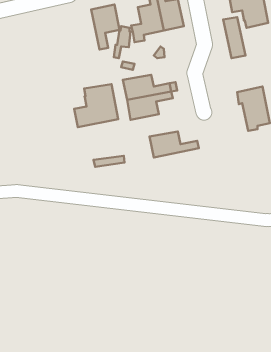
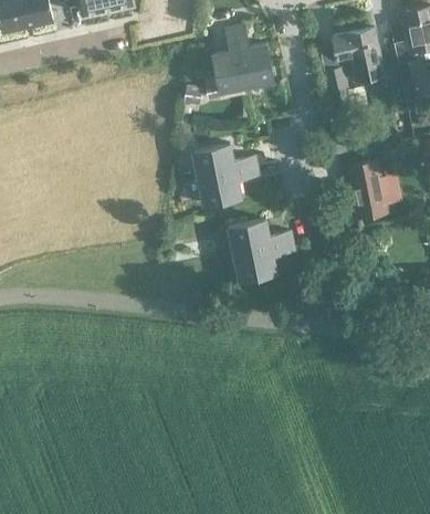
building: [91,5,120,50] -> none
building: [74,84,118,127] -> none
building: none -> [234,242,296,281]

